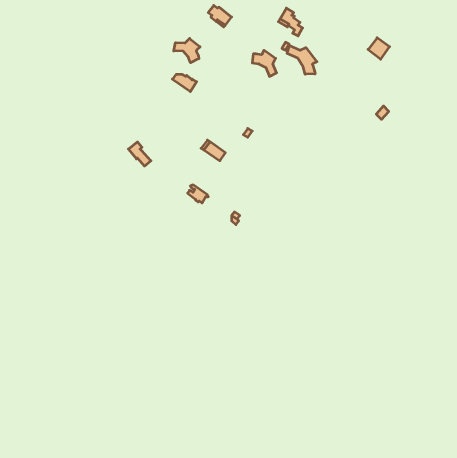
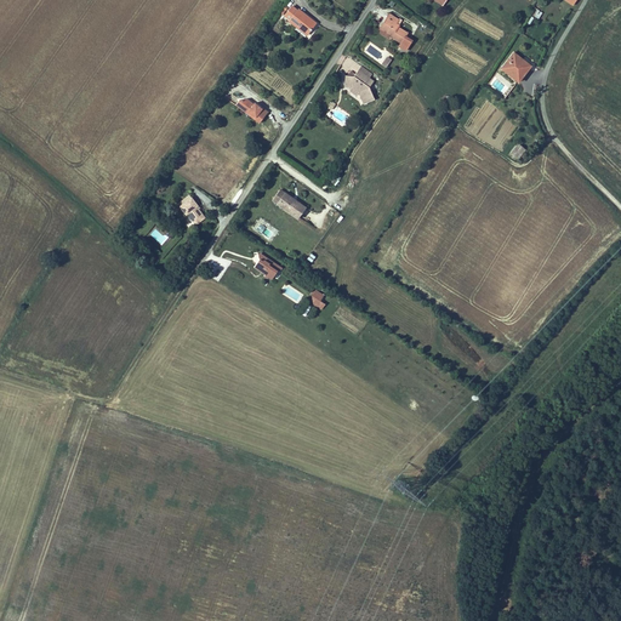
building: [174,38,200,63] -> none
building: [287,45,317,74] -> none

